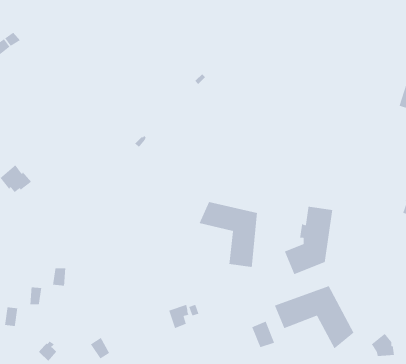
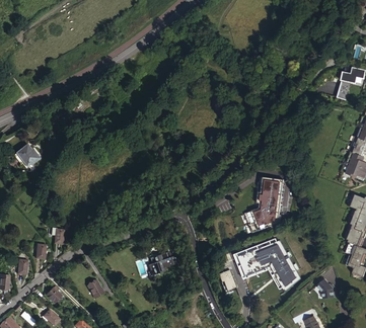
building: [199,201,258,268] -> none

